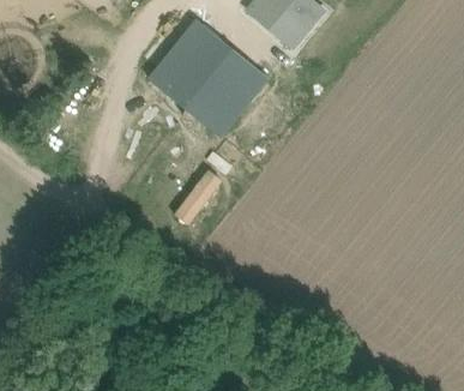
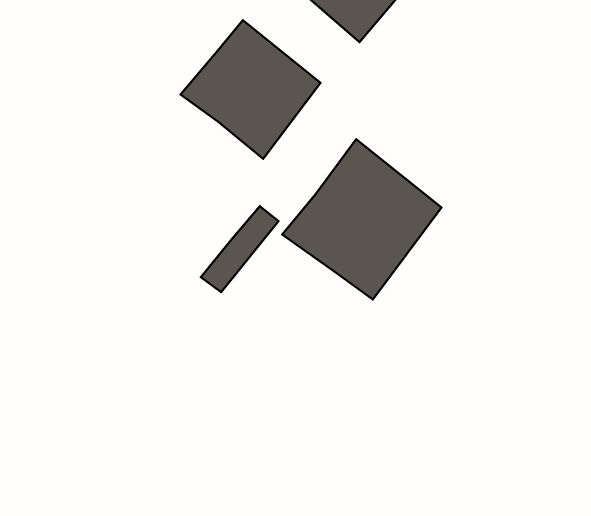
building: none -> [282,139,442,299]

